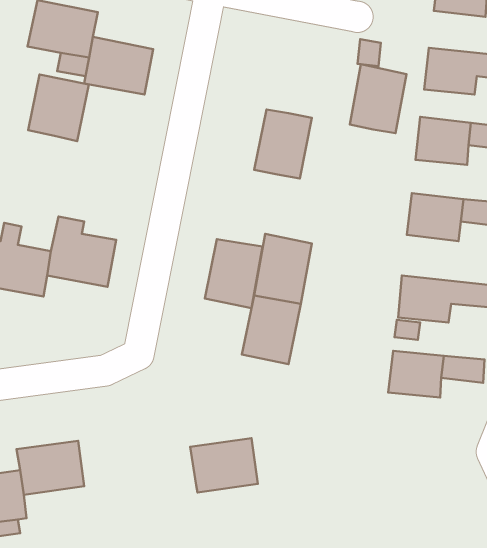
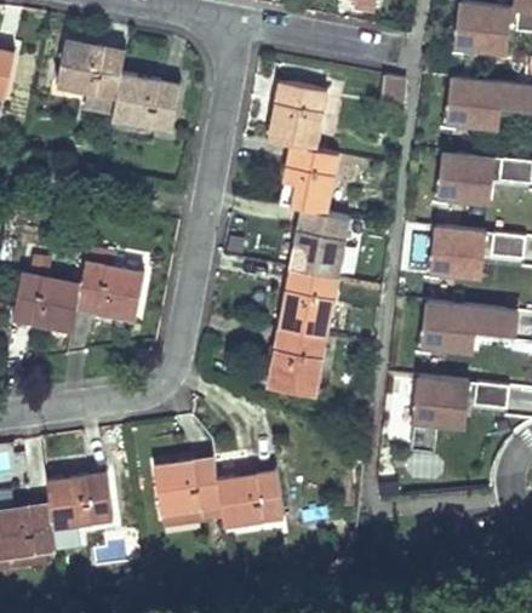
building: [350,64,406,133] -> [268,80,324,148]
building: [28,75,89,141] -> none
building: [205,239,263,308] -> [290,208,347,276]
building: none -> [153,453,222,523]

